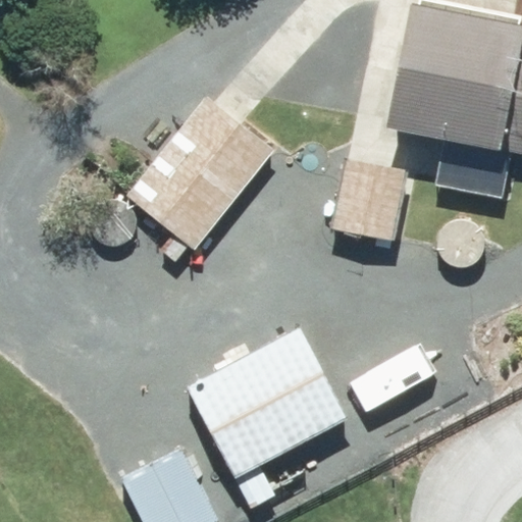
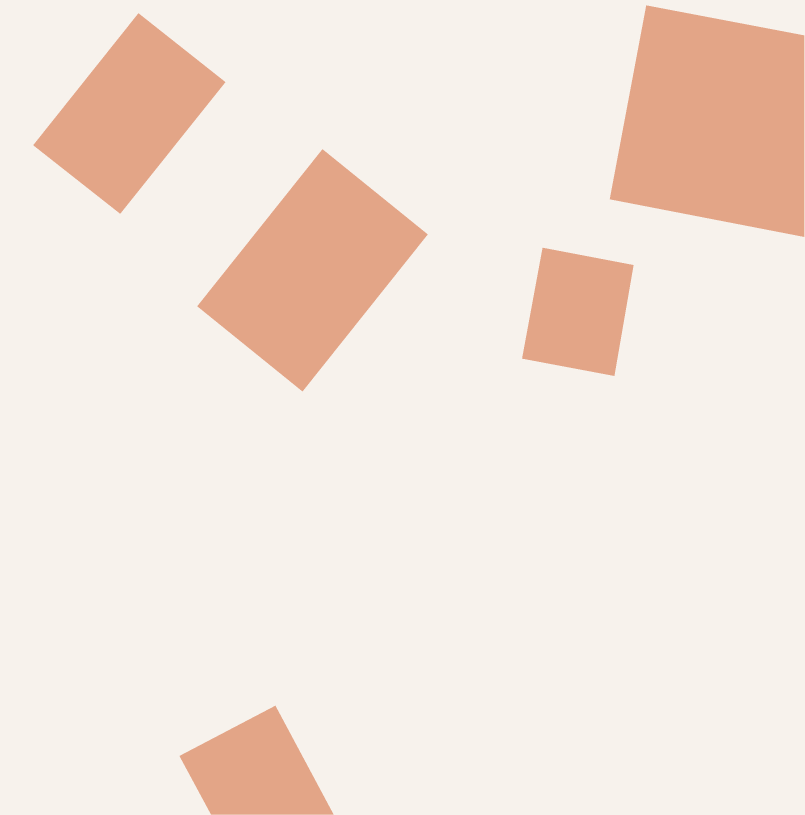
building: none -> [32,12,226,215]
building: [188,326,349,512] -> none

